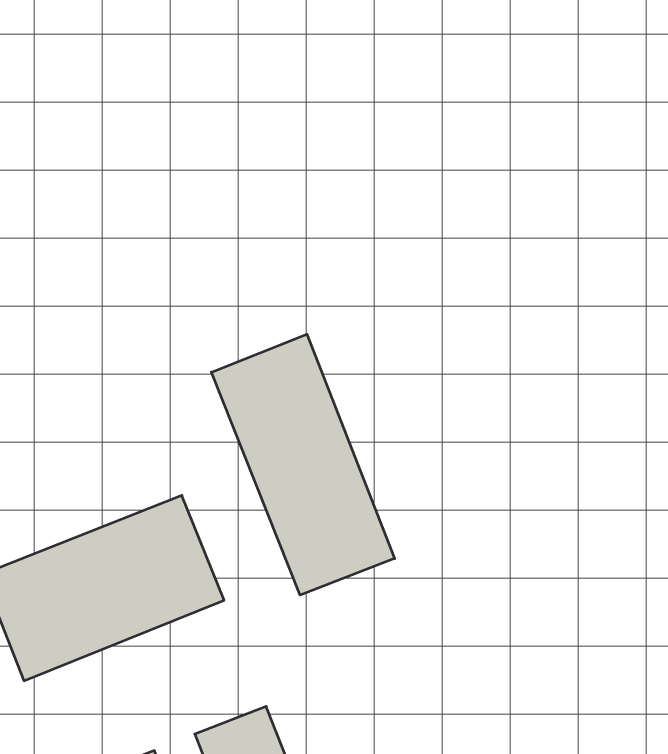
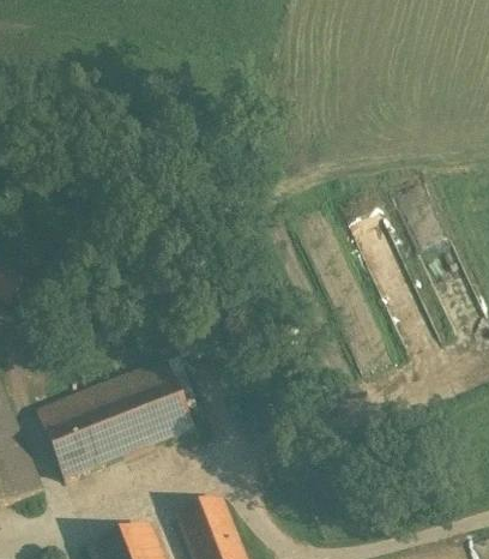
building: [211,334,395,595] -> none

